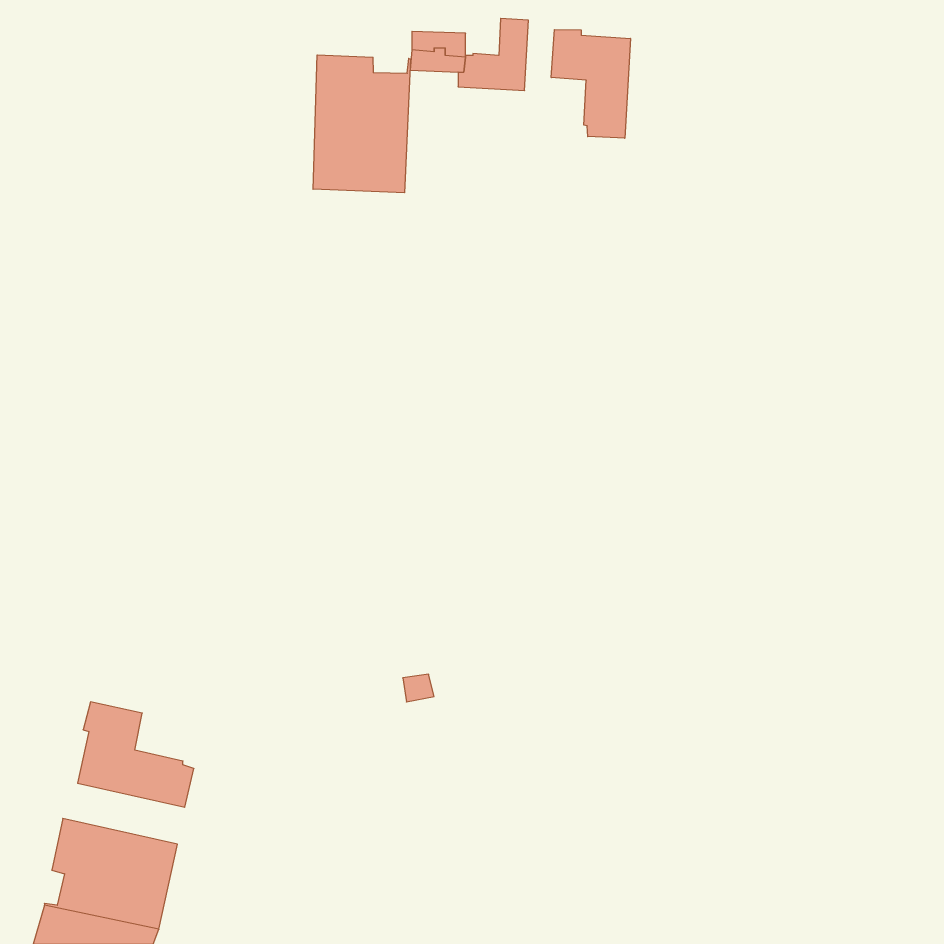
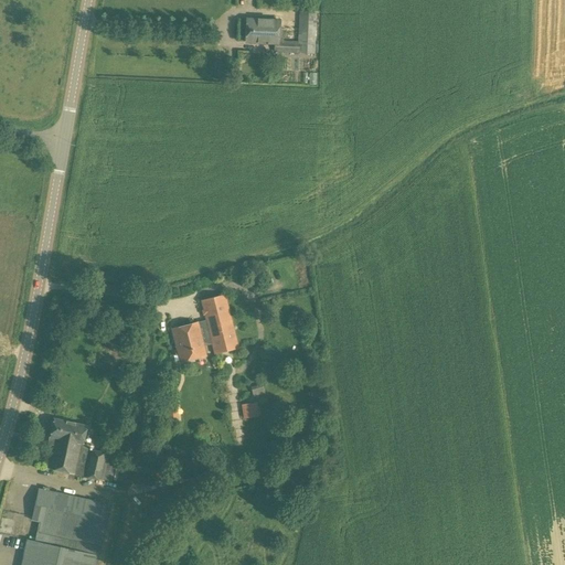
building: [551,30,630,138] -> none
building: [313,55,411,193] -> none
building: none -> [171,295,237,363]

